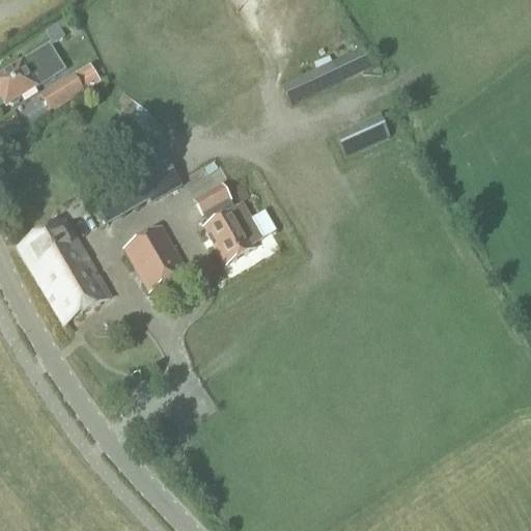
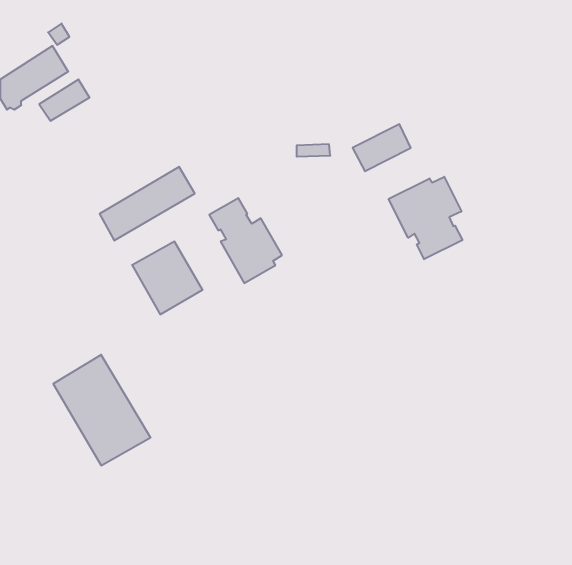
building: [282,45,373,103] -> none
building: none -> [389,177,462,259]
building: [20,219,110,322] -> [53,355,151,465]

